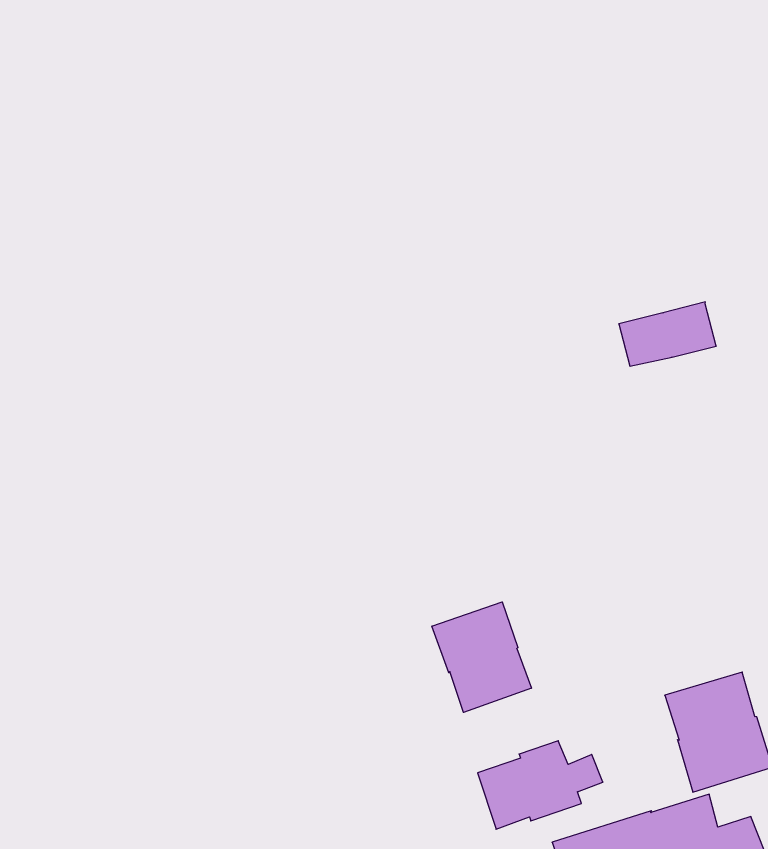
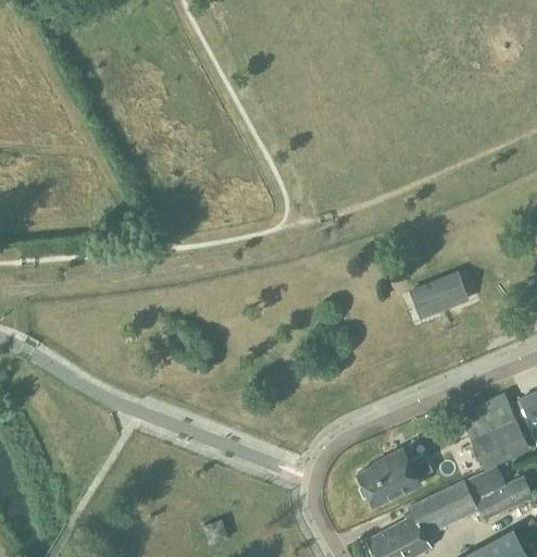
building: [619,302,716,366] -> [410,273,469,317]
building: [432,602,531,712] -> none

